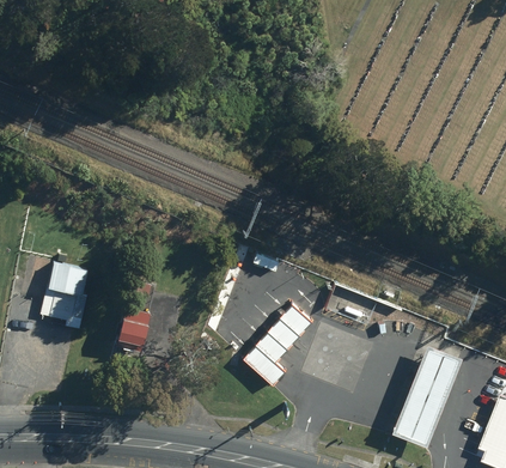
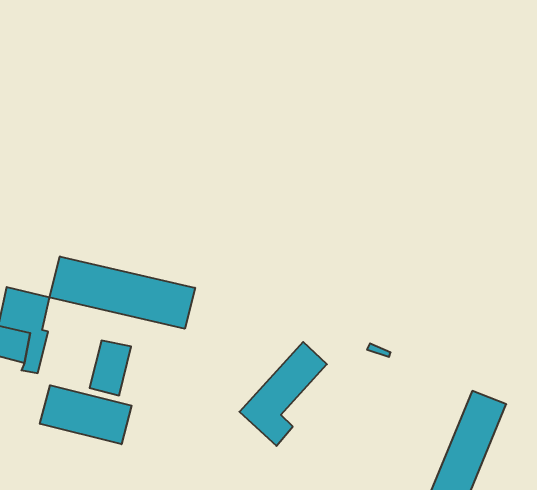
building: none -> [50,256,195,329]
building: none -> [40,385,132,444]

